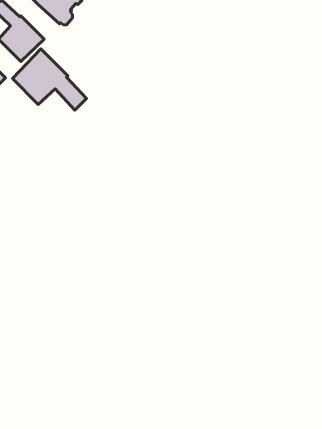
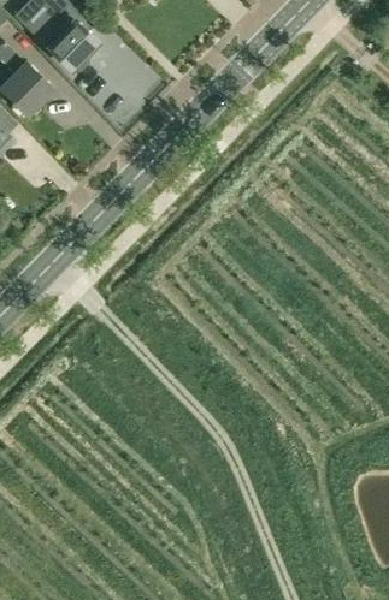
building: [12,49,87,110] -> none

